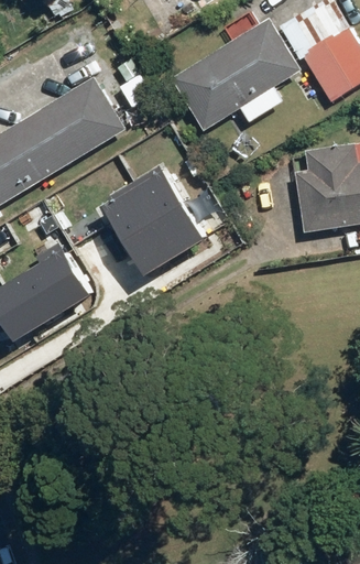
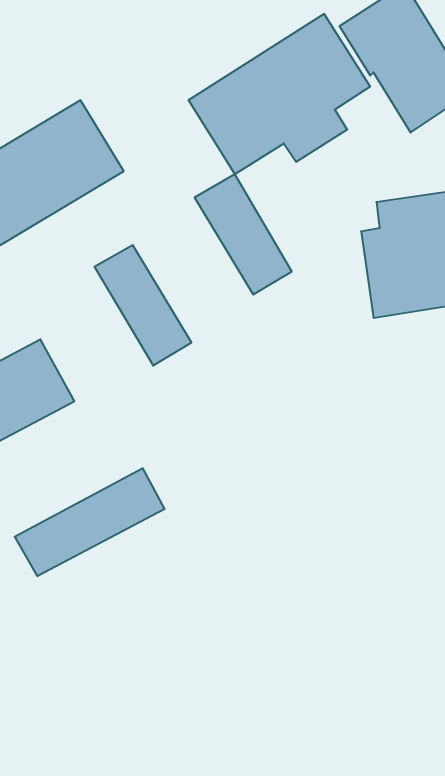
building: [131,166,200,252] -> [195,174,292,295]
building: none -> [15,468,164,576]

